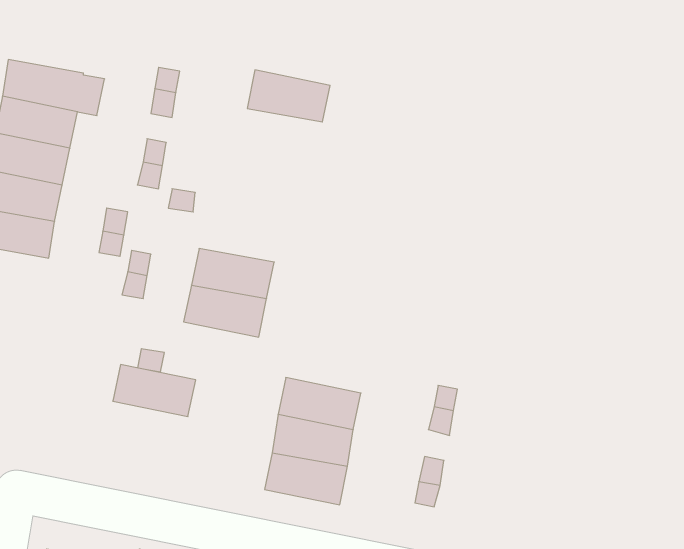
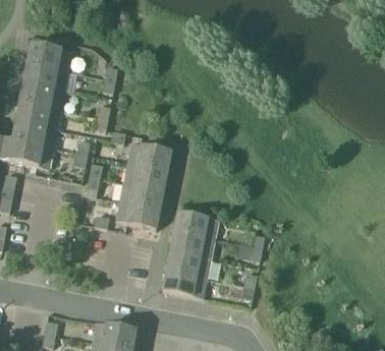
building: none -> [26,43,70,69]
building: [247,70,330,122] -> [127,141,171,169]
building: none -> [173,211,217,238]
building: [113,365,196,417] -> [115,200,159,228]

